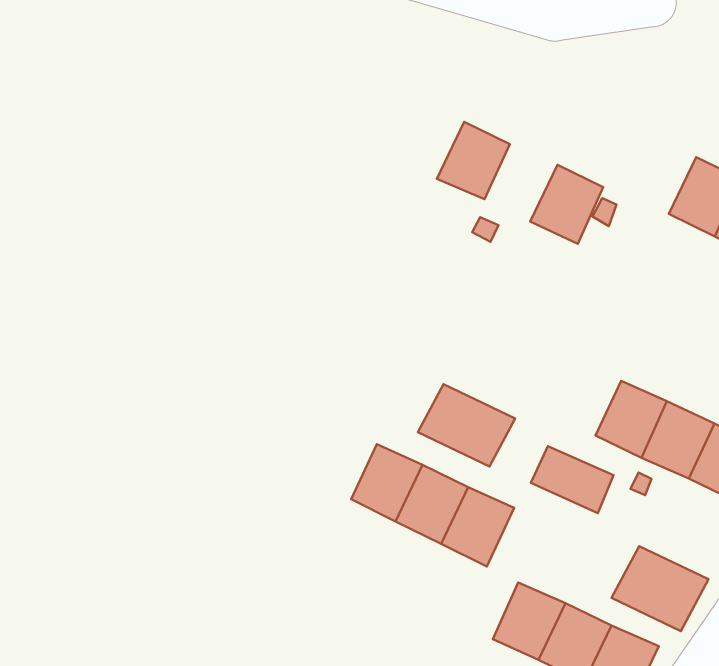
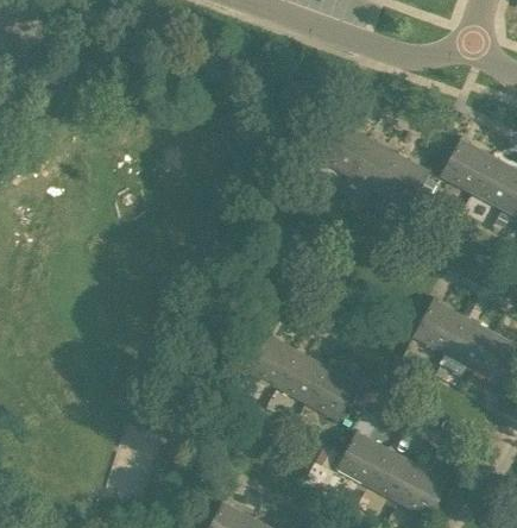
building: none -> [439,138,488,190]
building: none -> [346,138,396,190]
building: [418,384,515,467] -> none
building: [531,446,614,513] -> none
building: [612,546,708,631] -> none

